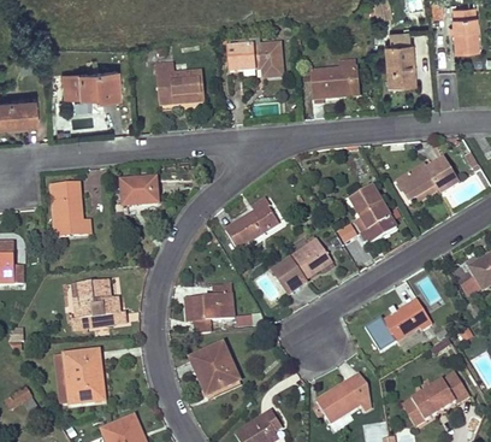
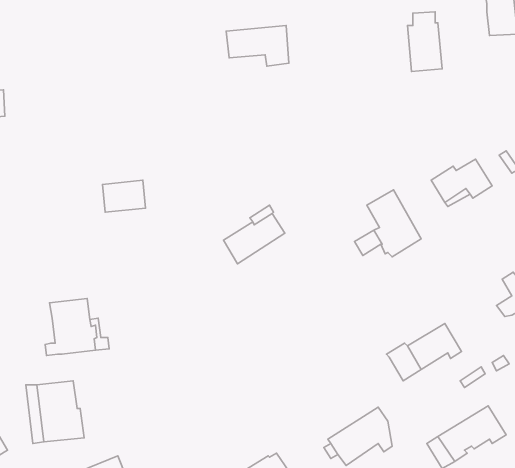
building: [154,61,203,104] -> none
building: [310,66,359,102] -> none
building: [70,69,118,96] -> none
building: [51,183,87,235] -> none
building: [272,238,332,293] -> none
building: [184,284,233,331] -> none
building: [189,343,239,394] -> none

